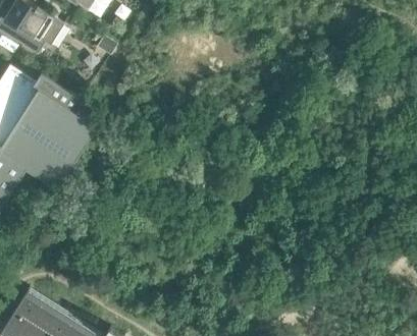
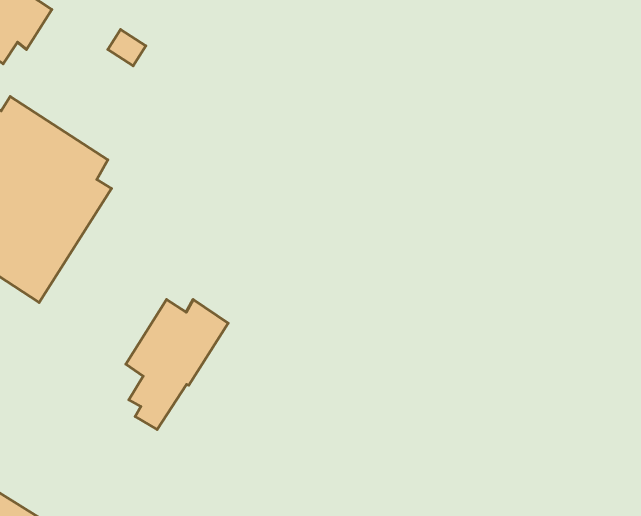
building: none -> [126,299,228,430]

